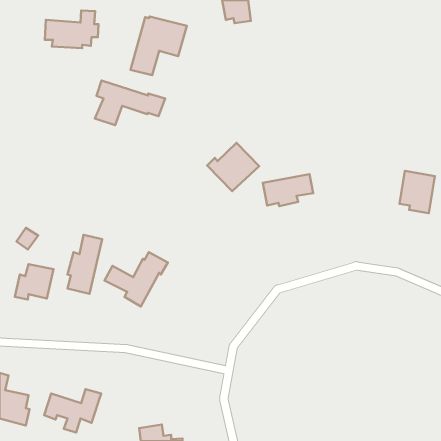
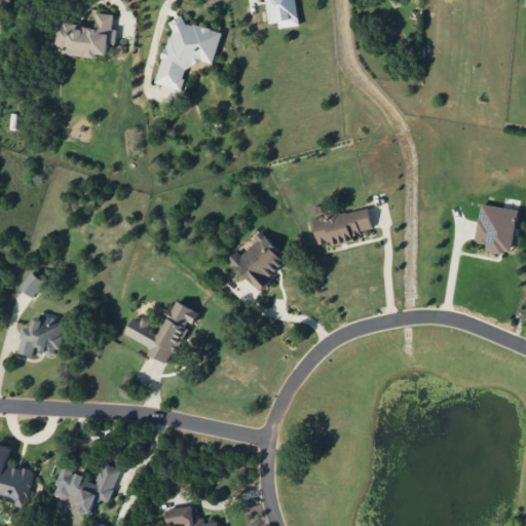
building: [95,80,165,125] -> none
building: [207,143,259,191] -> [227,233,289,291]
building: [67,235,102,294] -> none

